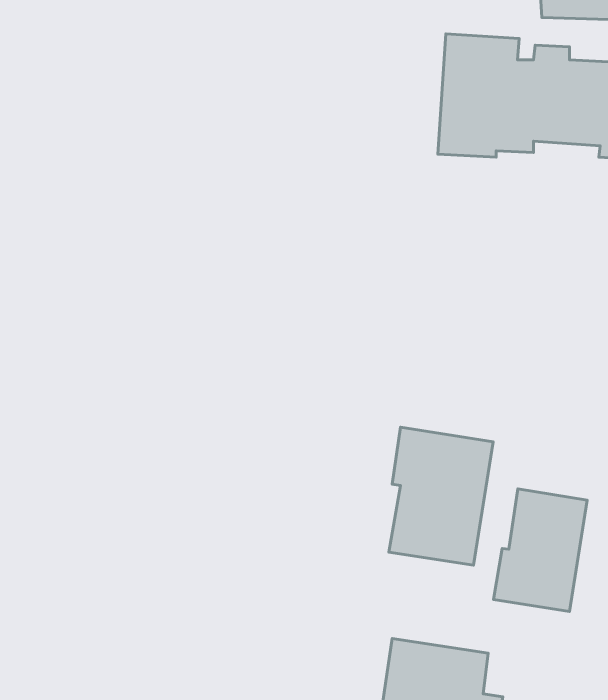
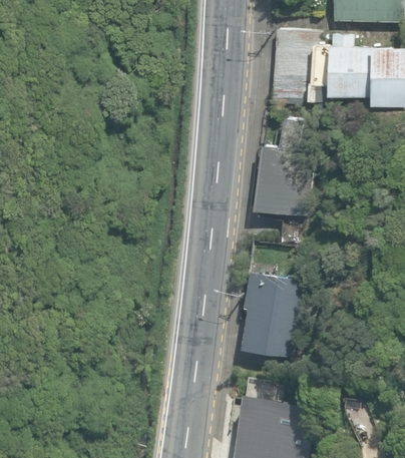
building: none -> [254,119,316,216]
building: [493,489,587,612] -> none

